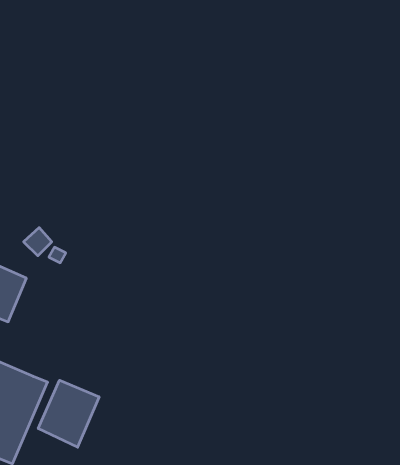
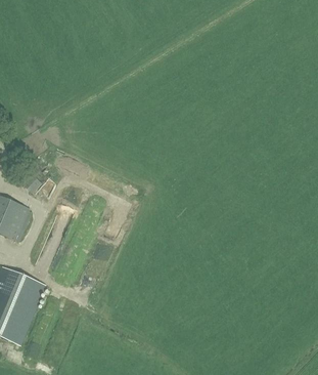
building: [38,380,99,447] -> none

